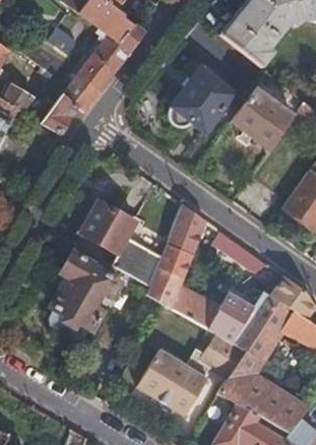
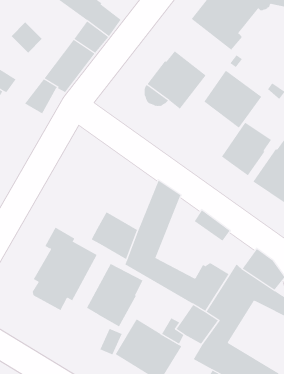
building: none -> [221,122,272,176]
building: [81,199,136,255] -> none
building: none -> [86,263,143,327]

